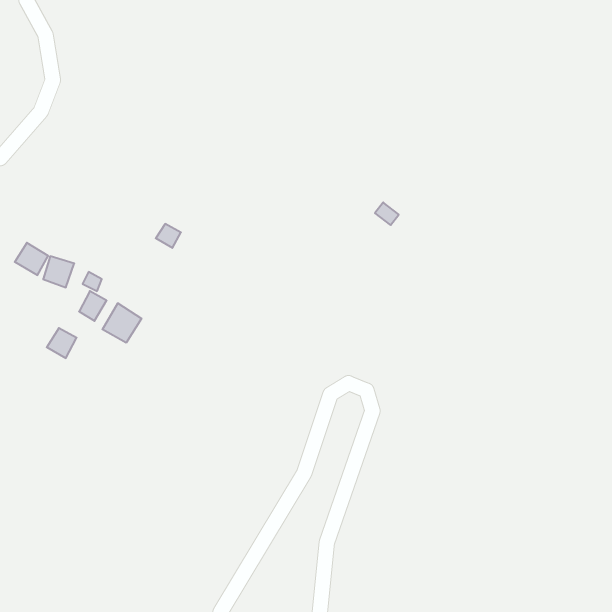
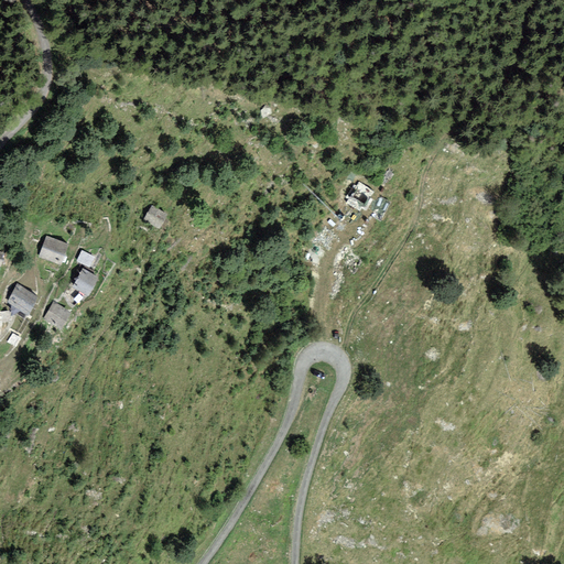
building: [15,243,48,275] -> [7,284,37,314]
building: [102,303,141,343] -> none

